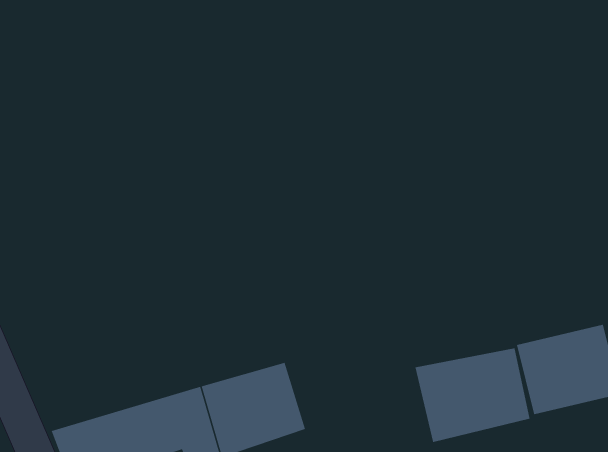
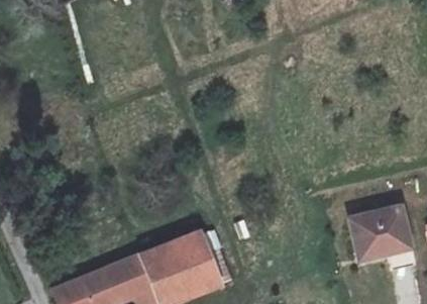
building: [415,348,530,443] -> none

